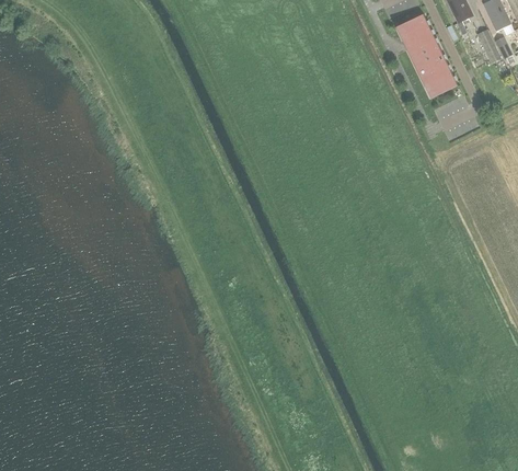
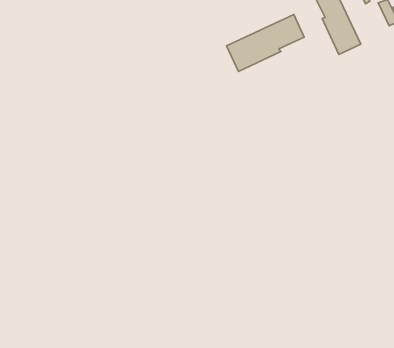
building: none -> [226,14,304,72]

